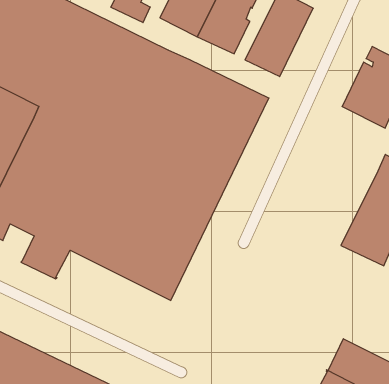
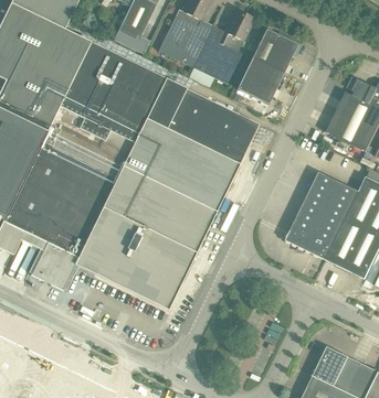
building: none -> [285,172,359,260]

